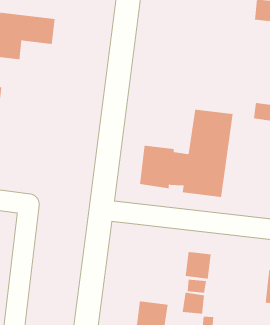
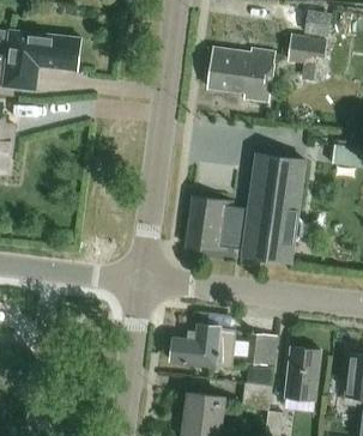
building: none -> [286,32,326,65]
building: none -> [207,49,274,104]
building: none -> [168,325,232,368]
building: none -> [284,347,319,401]

